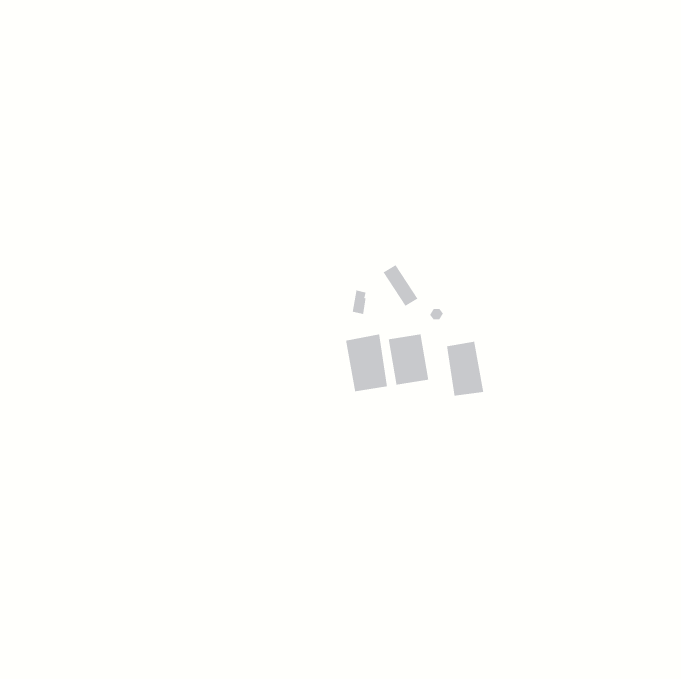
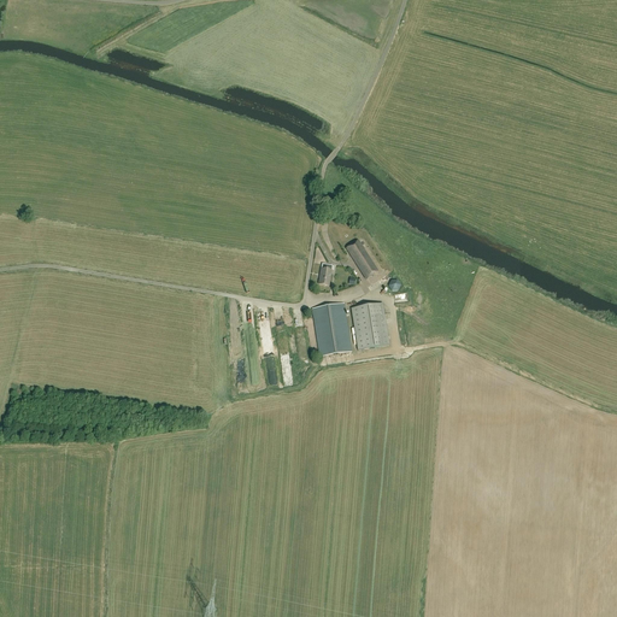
building: [446,341,484,397] -> none

